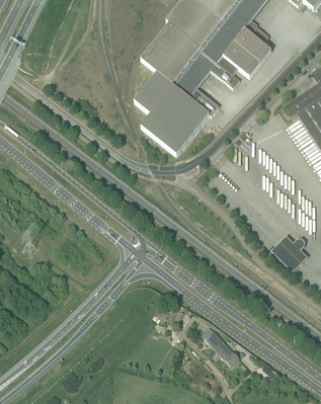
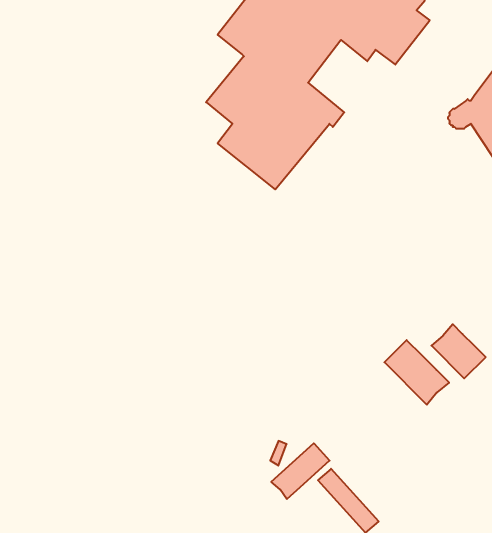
building: none -> [384,340,449,405]
building: none -> [271,443,330,499]

